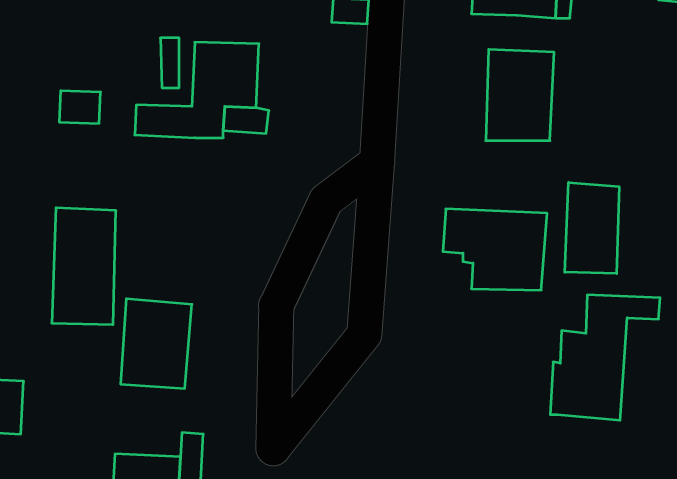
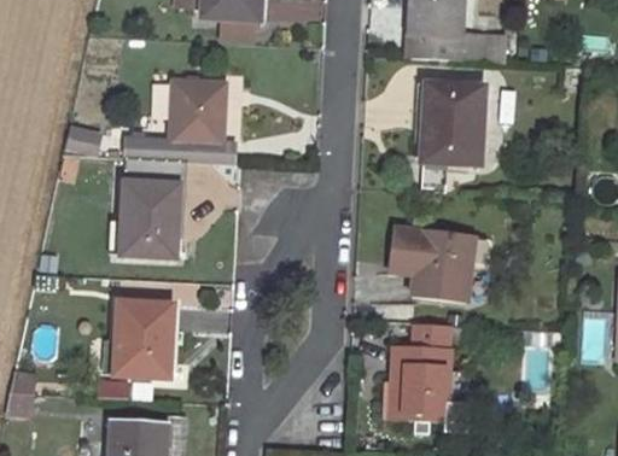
building: [565,182,619,274] -> none
building: [52,208,116,325] -> [123,160,177,259]
building: [550,295,660,420] -> [380,318,473,425]

